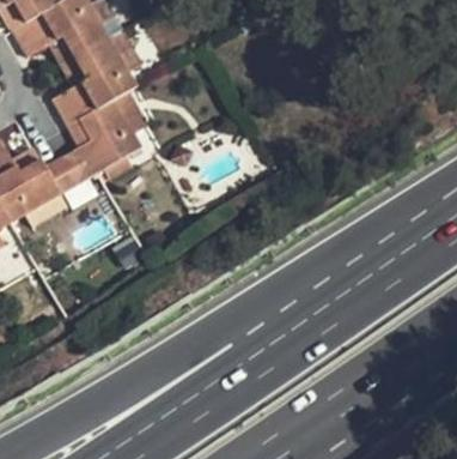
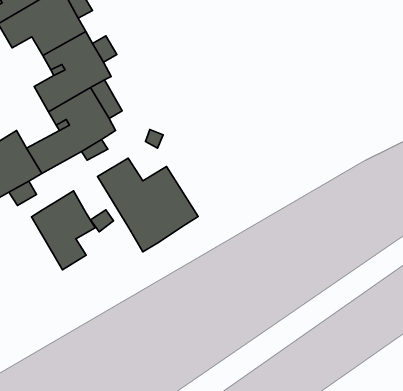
building: none -> [98,158,198,252]
building: none -> [31,191,95,270]

